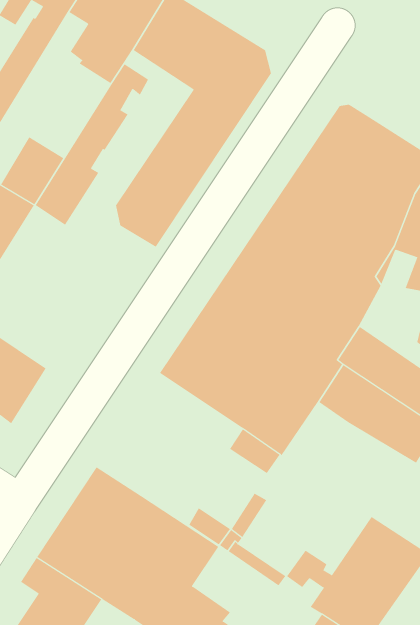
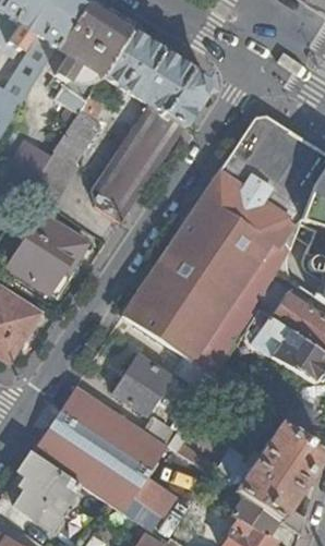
building: none -> [9,214,87,290]
building: none -> [113,355,170,414]

